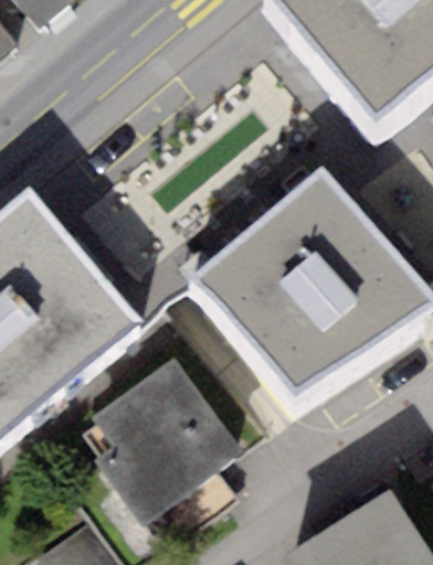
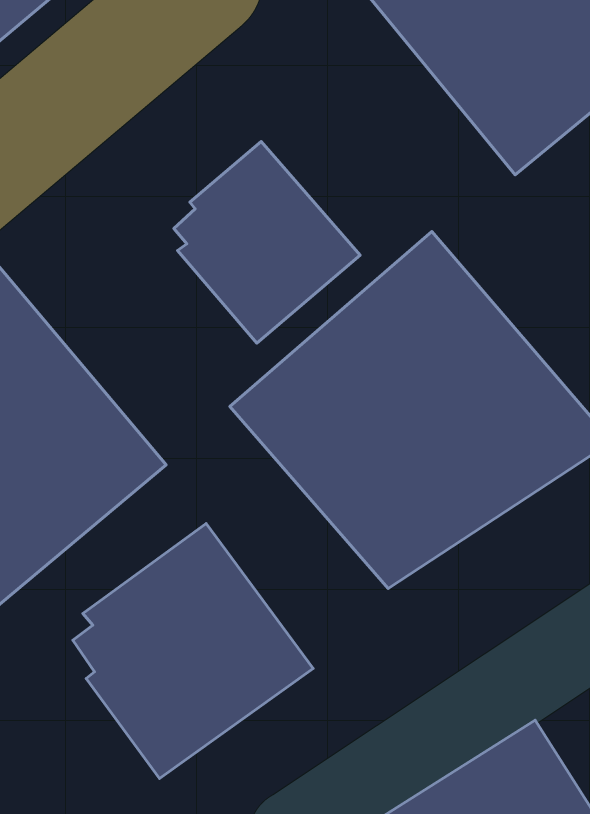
building: none -> [174,142,360,343]

